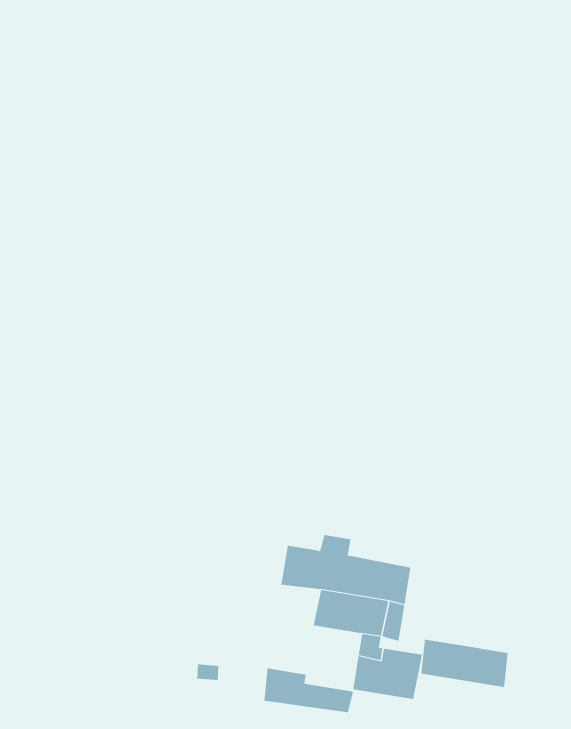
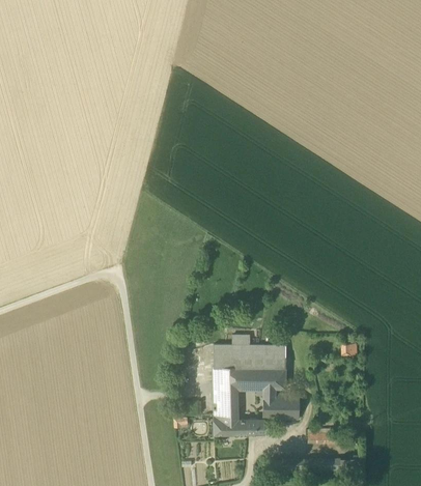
building: none -> [214,366,236,414]
building: [421,639,508,688] -> none

